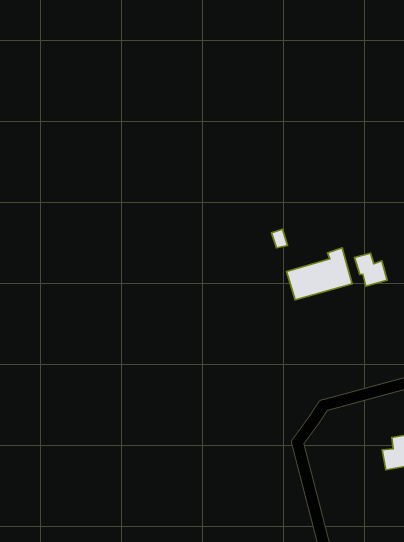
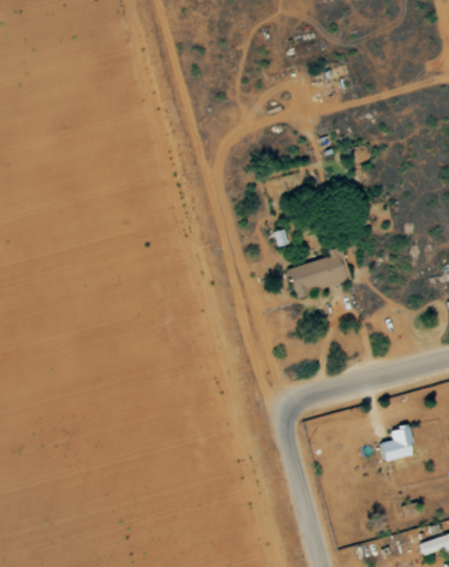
building: [355,253,387,286] -> none

